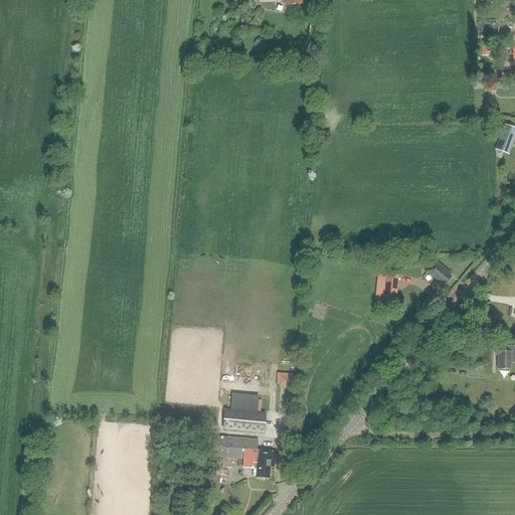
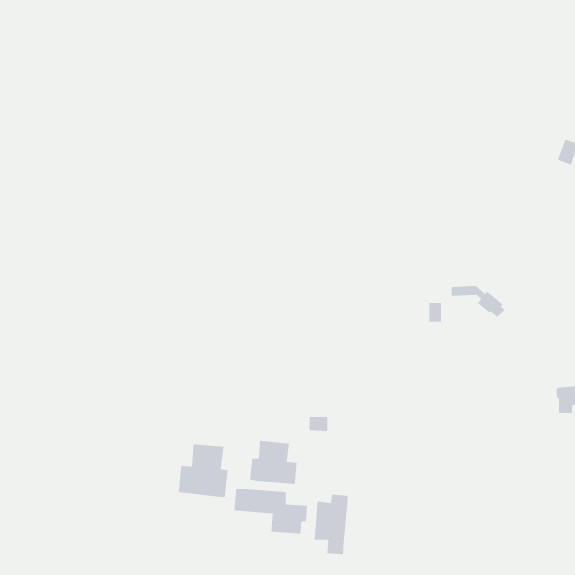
building: none -> [178,444,228,498]
building: none -> [314,494,348,555]

